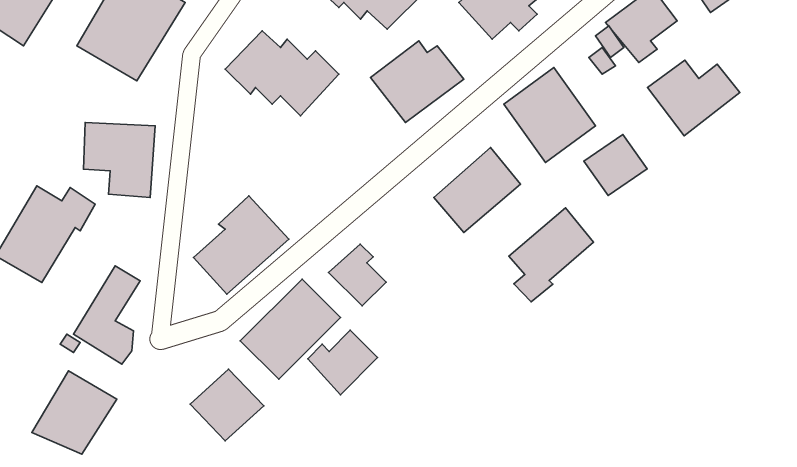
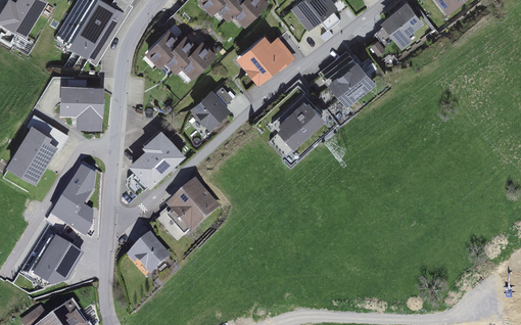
building: [648,60,740,136] -> none
building: none -> [188,87,232,130]
building: [584,135,647,195] -> none
building: [509,208,594,302] -> none
building: [329,244,386,306] -> none
building: [308,330,378,395] -> none

